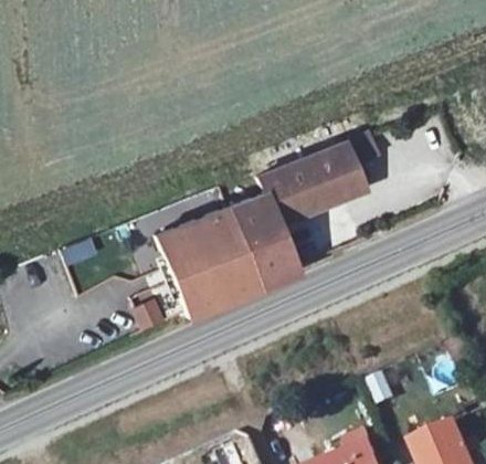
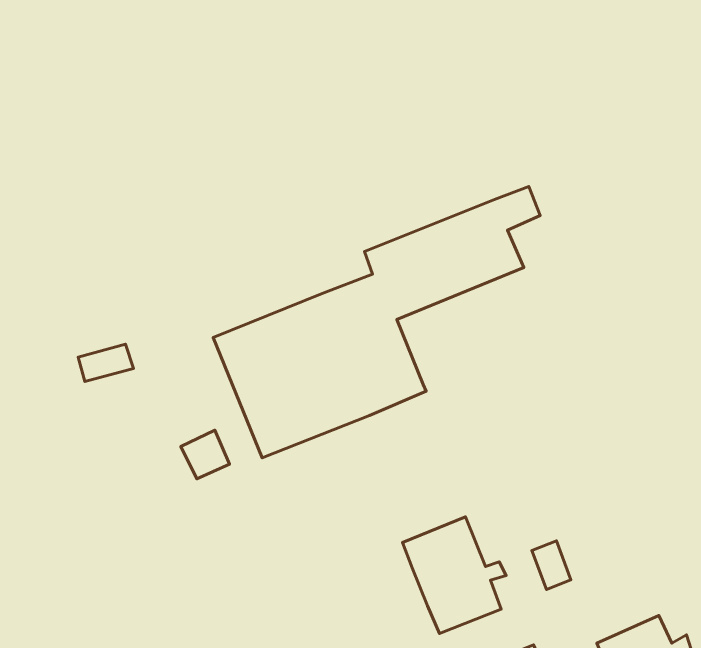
building: none -> [403,517,506,633]

